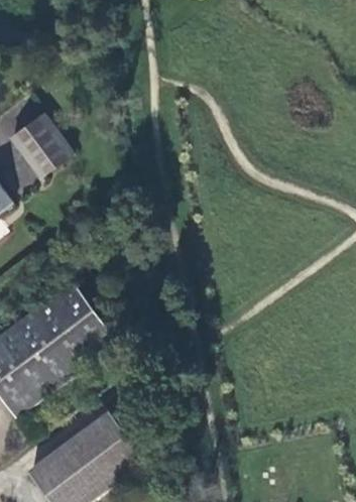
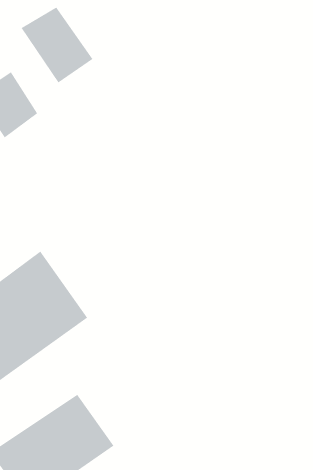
building: none -> [20,7,94,84]

